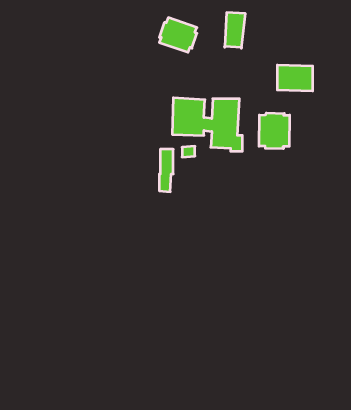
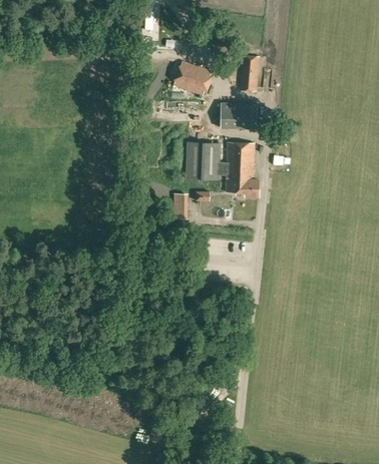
building: [277,65,313,91] -> [221,103,257,129]
building: [259,113,290,149] -> none

